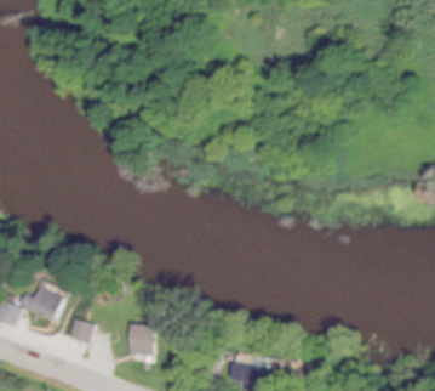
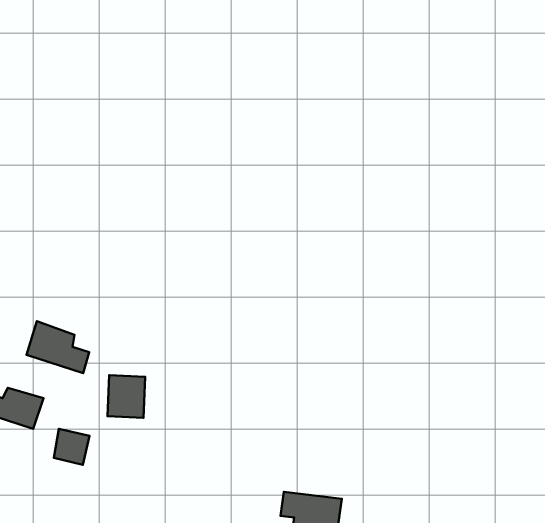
building: none -> [26,321,89,373]
building: [126,324,153,355] -> [108,375,145,418]

